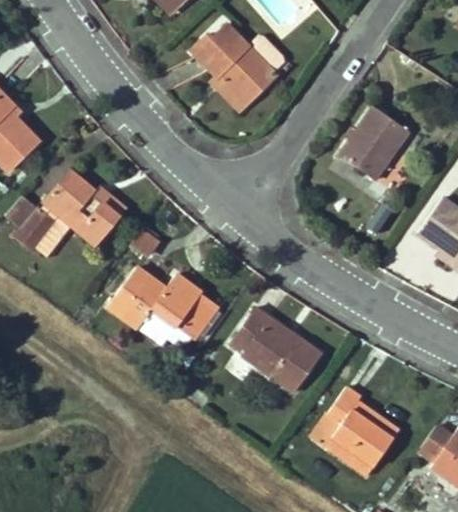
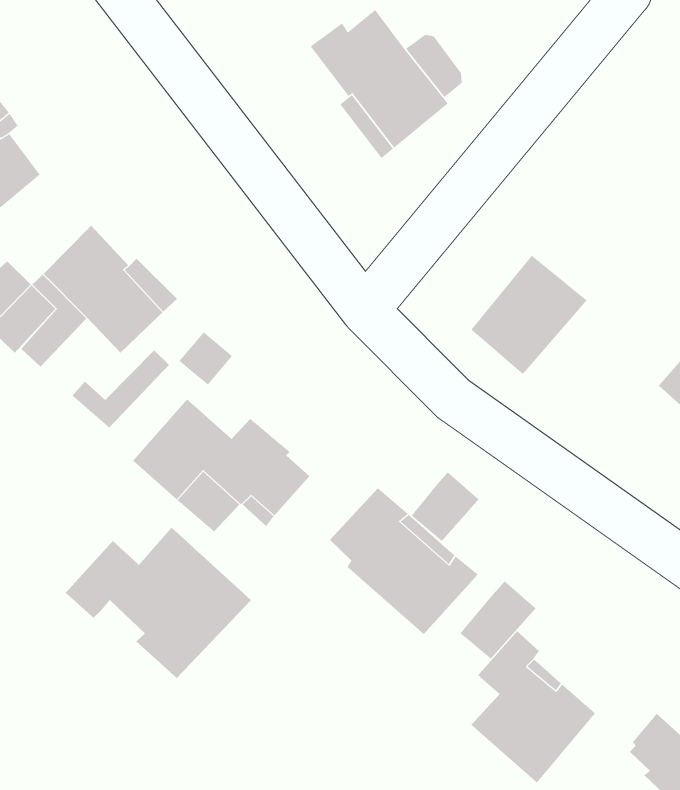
building: [340,107,408,179] -> [470,255,587,375]
building: none -> [71,350,170,429]
building: none -> [411,471,479,542]
building: none -> [65,527,252,679]
building: none -> [460,580,536,660]

